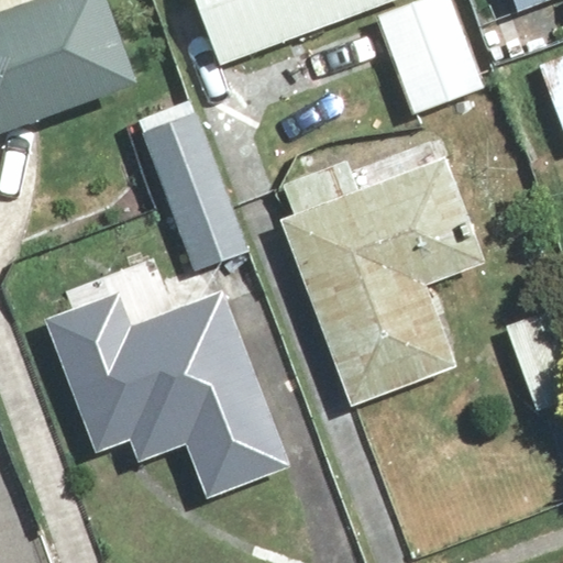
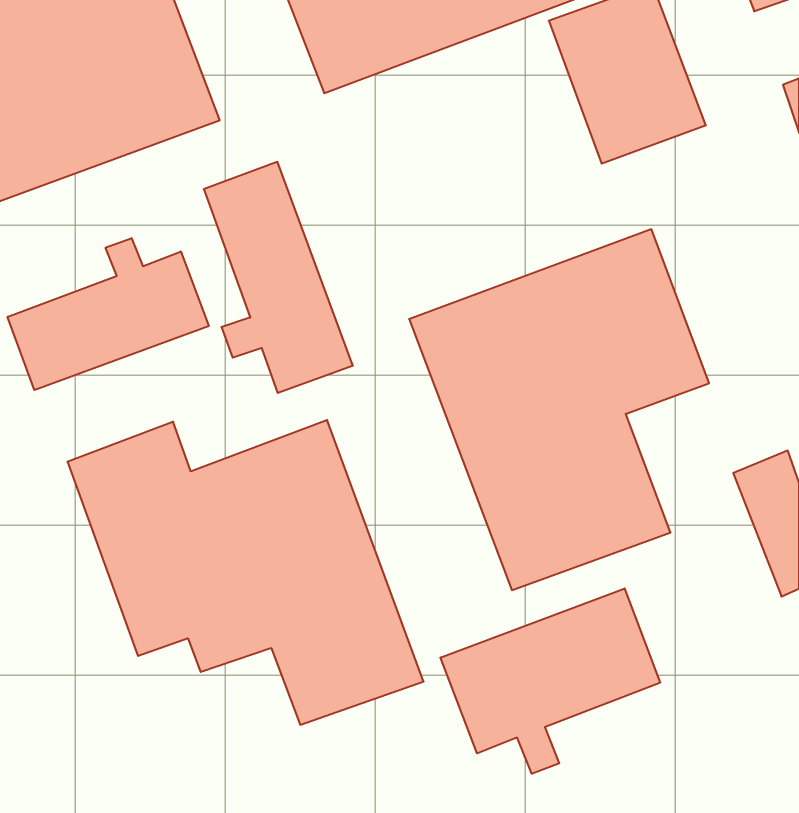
building: none -> [8,238,209,390]
building: none -> [440,588,660,774]

